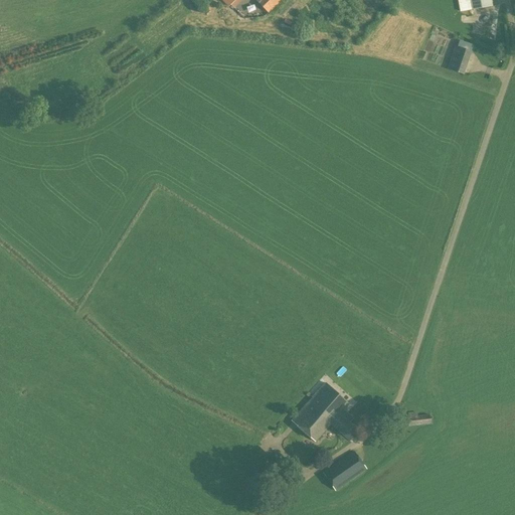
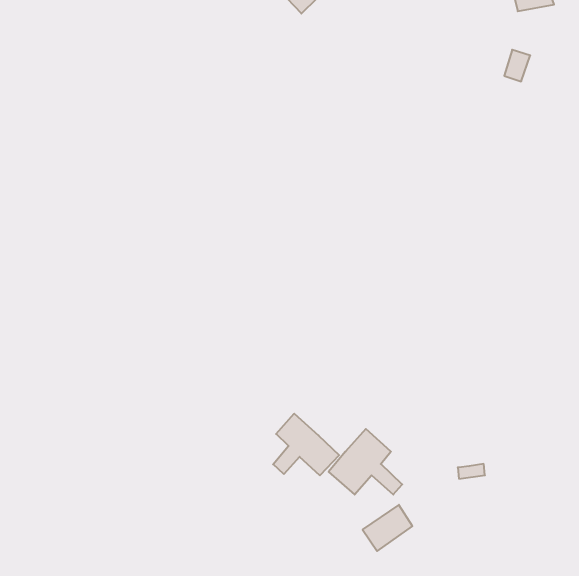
building: none -> [273,414,339,475]

